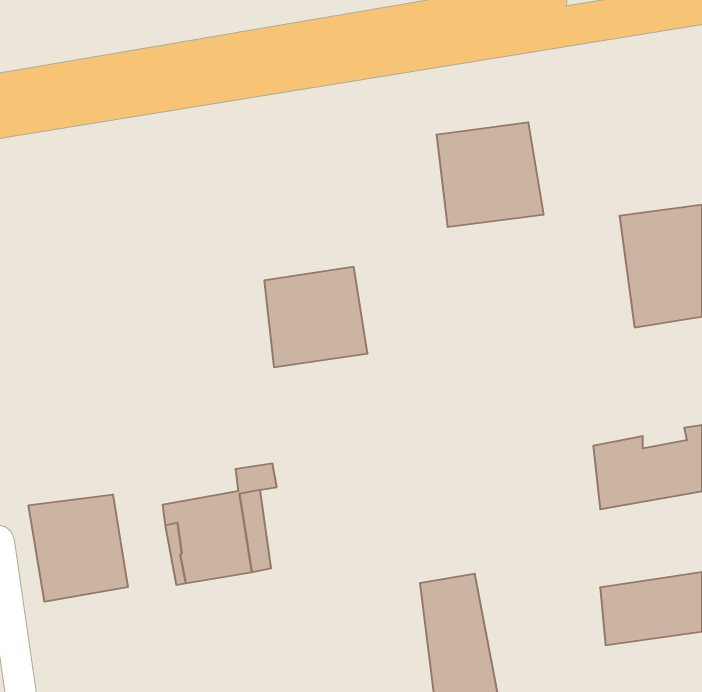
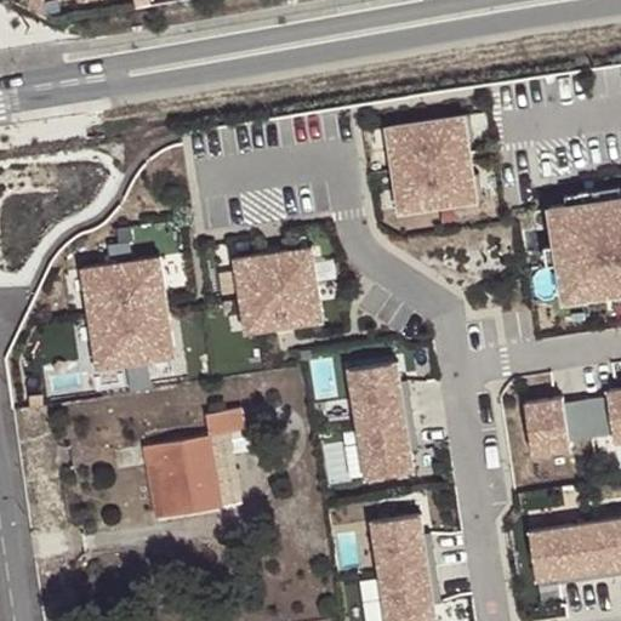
building: none -> [81,256,175,372]
building: none -> [346,359,415,485]
building: [29,494,128,602] -> none

